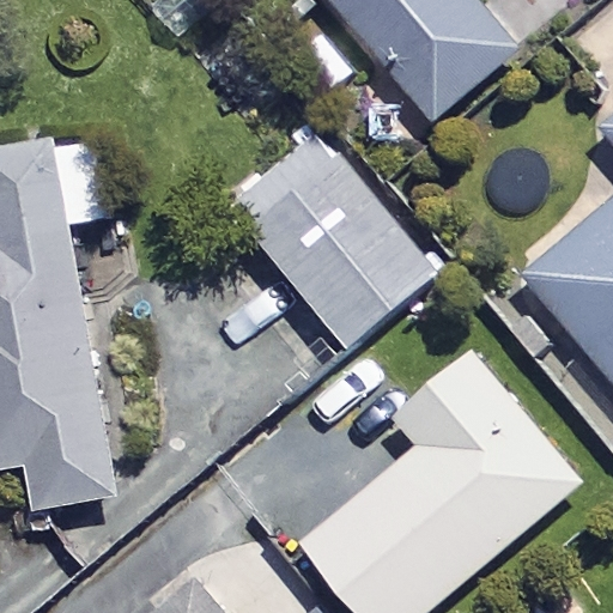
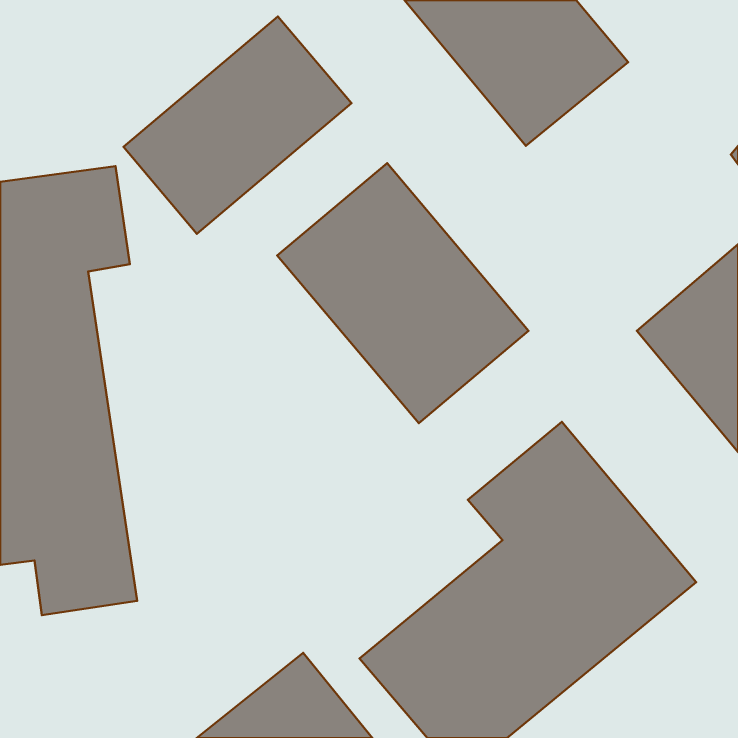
building: none -> [123,16,352,234]

